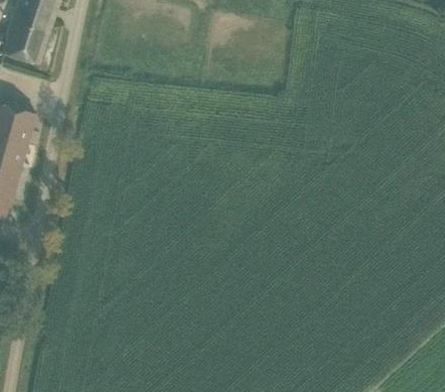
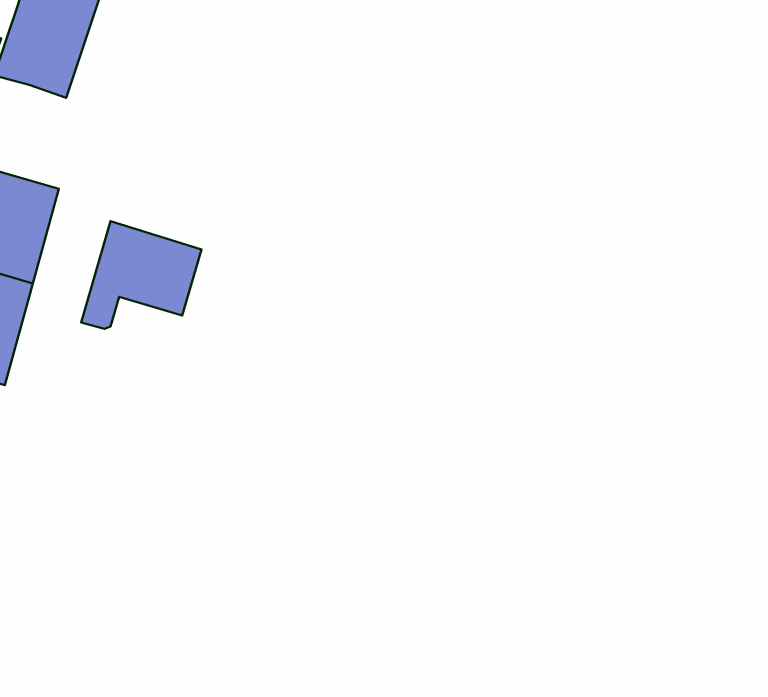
building: none -> [81,221,202,329]

